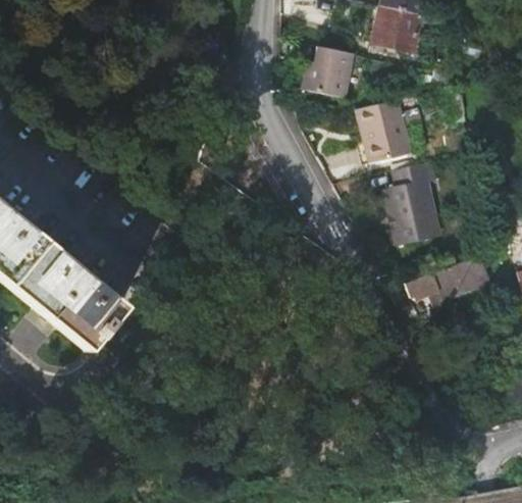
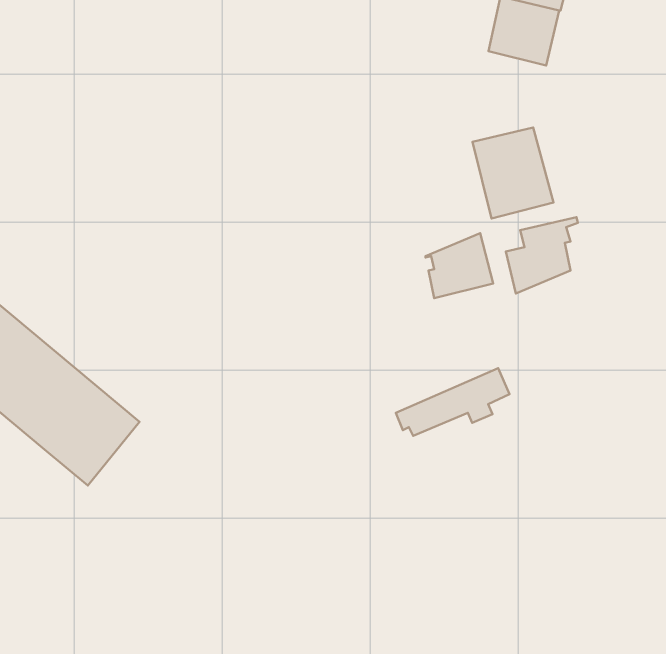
building: [301,46,354,98] -> none
building: [390,199,438,245] -> [426,233,493,298]
building: [410,249,490,297] -> [396,368,510,436]

